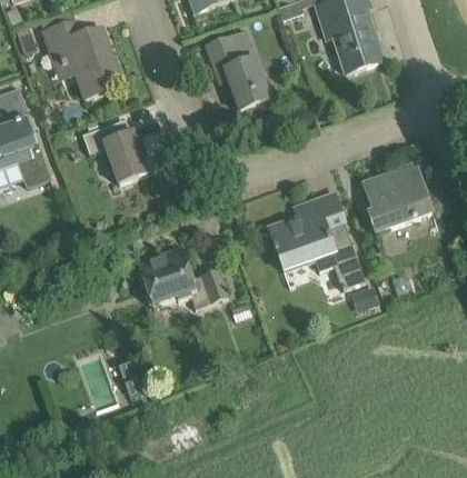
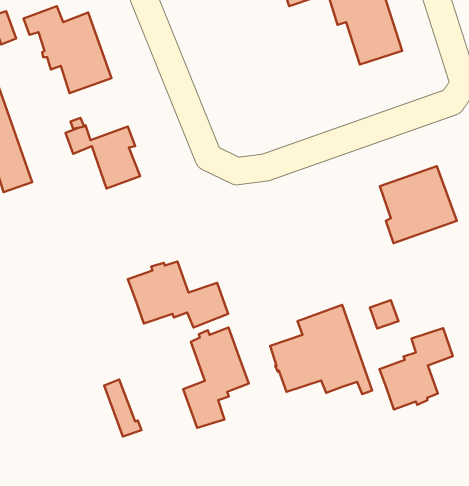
building: [206,30,281,123] -> none
building: [268,191,359,271] -> [270,305,372,394]
building: none -> [183,328,249,428]
building: none -> [380,328,453,409]

